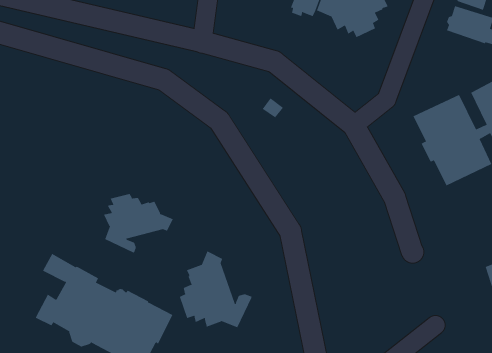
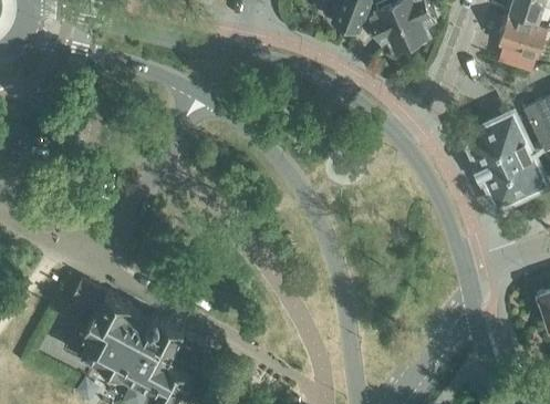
building: [103,193,174,254] -> none
building: [179,250,253,328] -> none

